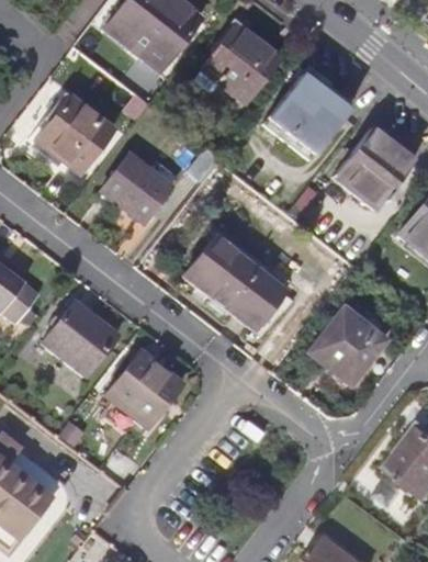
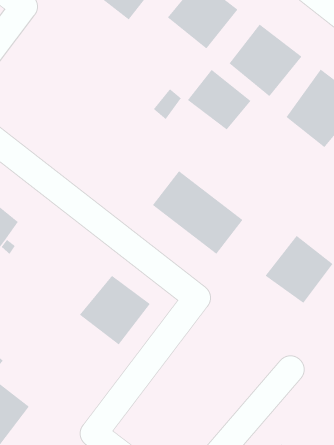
building: [36,95,114,172] -> none
building: none -> [187,69,252,130]
building: [103,155,173,223] -> none
building: [43,301,119,376] -> none

